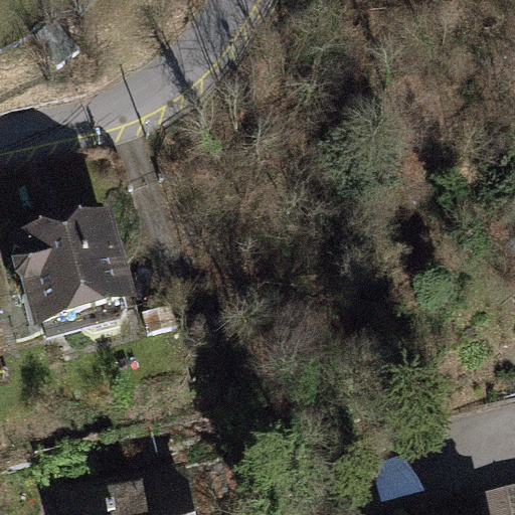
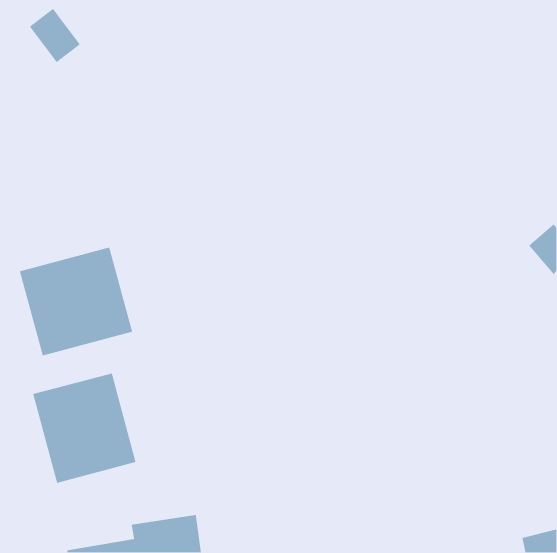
building: none -> [32,372,137,484]

